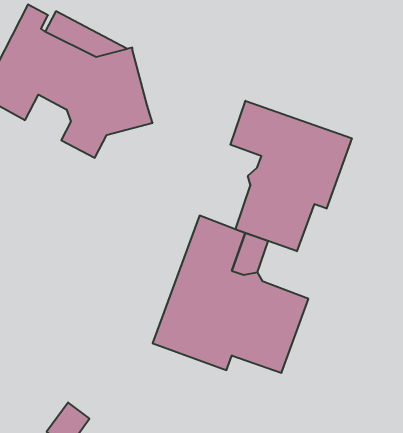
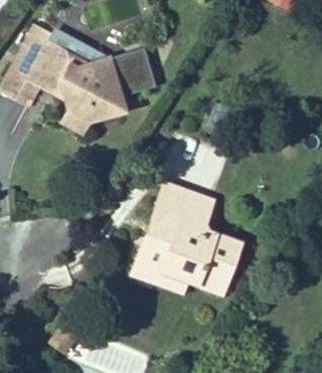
building: none -> [114,47,160,98]
building: [230,101,352,251] -> none

